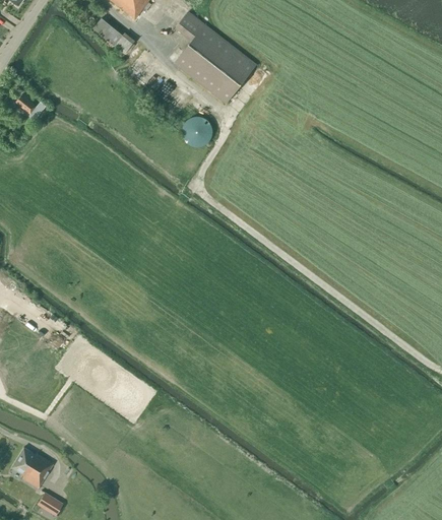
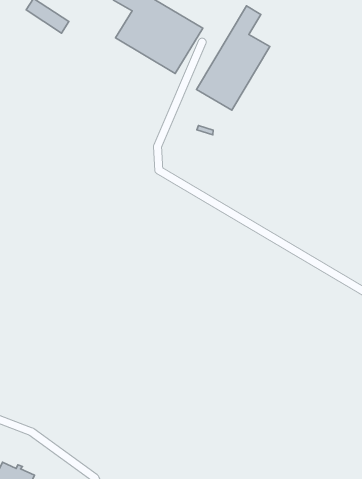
building: none -> [197,6,270,110]
building: [182,116,212,146] -> none

